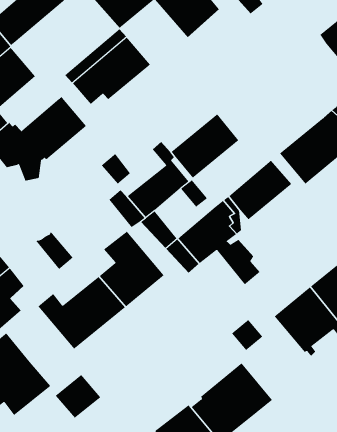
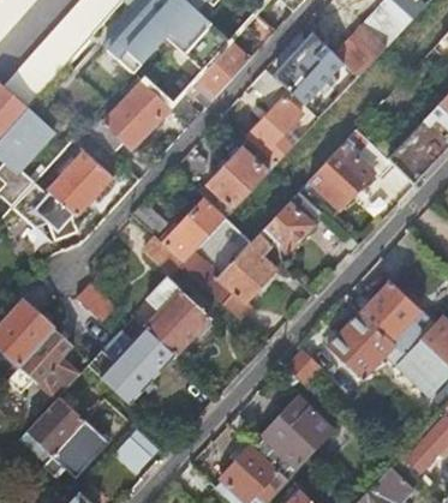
building: none -> [173,42,250,124]
building: none -> [274,34,342,104]
building: none -> [246,97,301,164]

